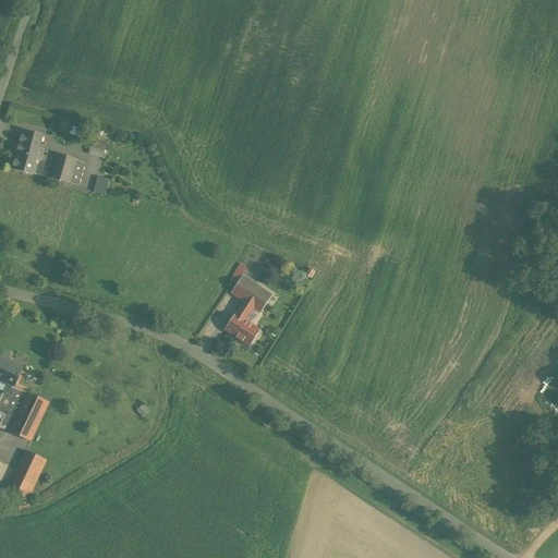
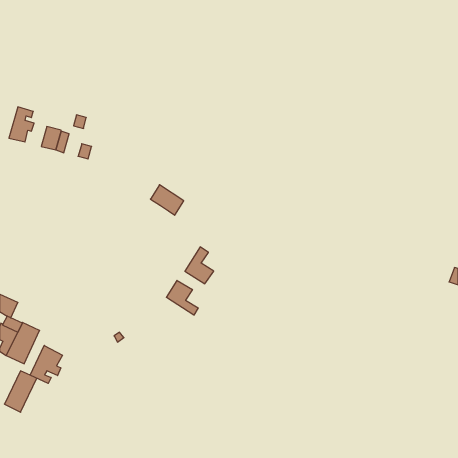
building: [231,275,271,312] -> [150,185,184,215]
building: none -> [166,280,198,315]
building: none -> [30,345,62,383]

